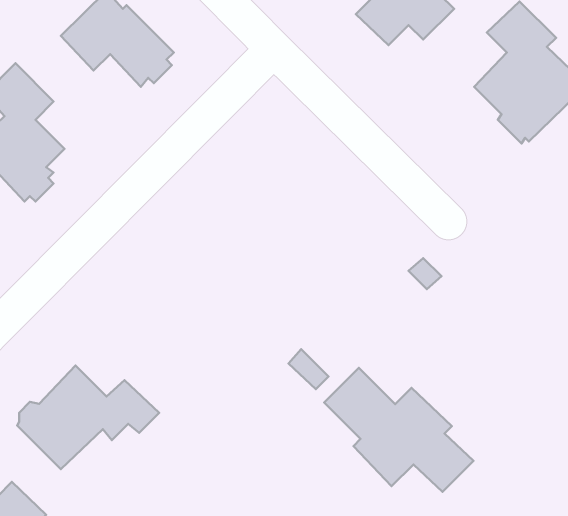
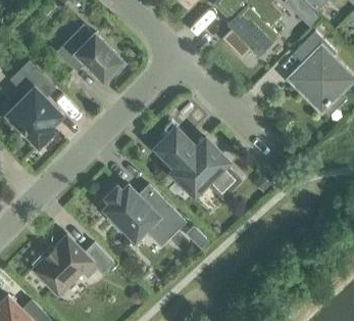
building: none -> [105,185,185,239]
building: [324,368,474,492] -> [156,128,240,197]

